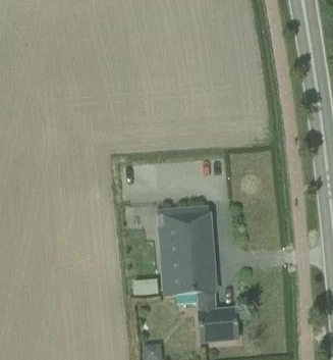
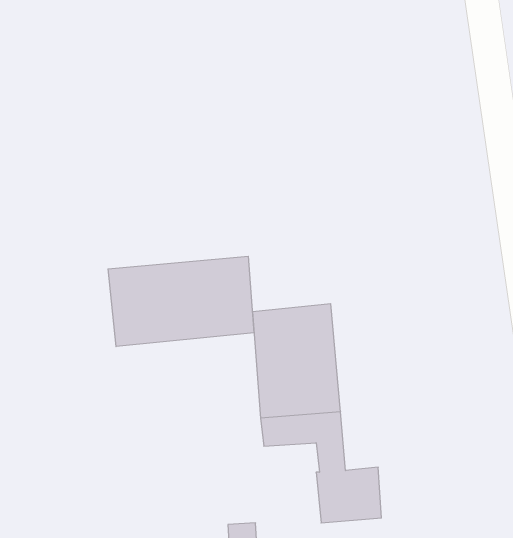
building: none -> [108,256,254,347]

